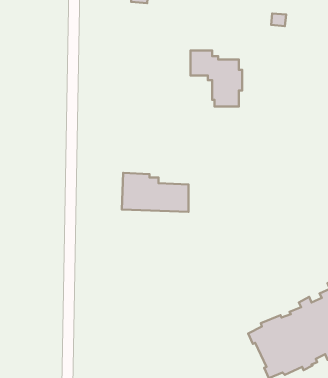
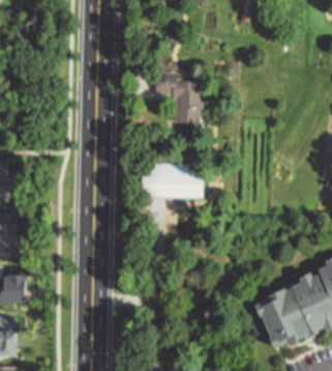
building: [190,50,242,107] -> [155,72,202,122]

